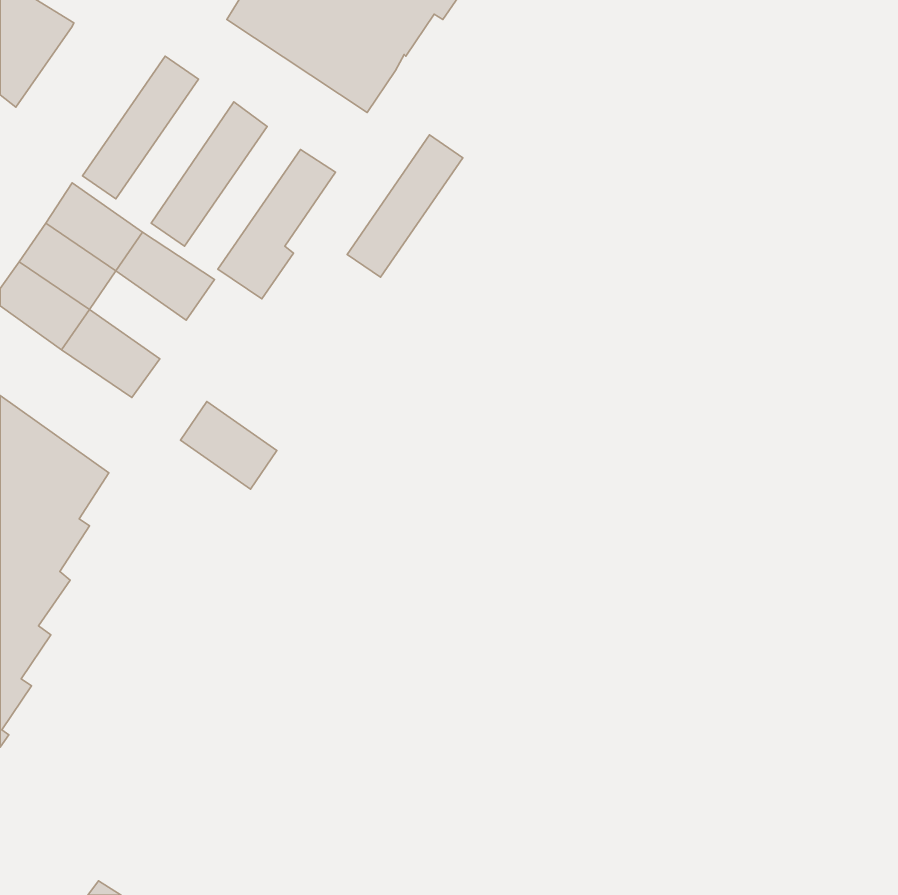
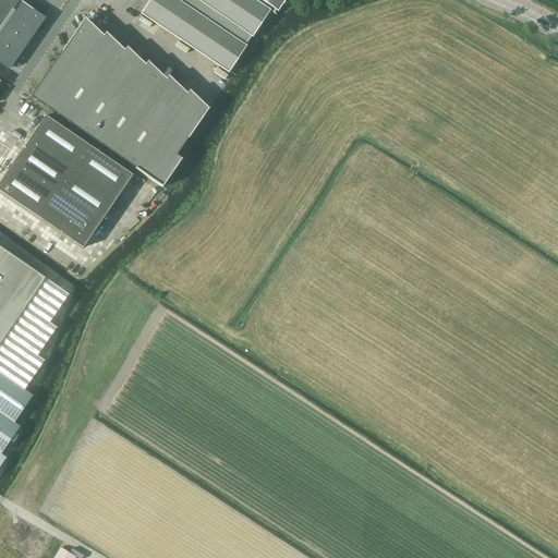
building: none -> [31,21,102,109]
building: none -> [72,49,145,138]
building: [347,135,463,277] -> [114,78,186,167]
building: [180,401,277,489] -> [56,168,116,222]

